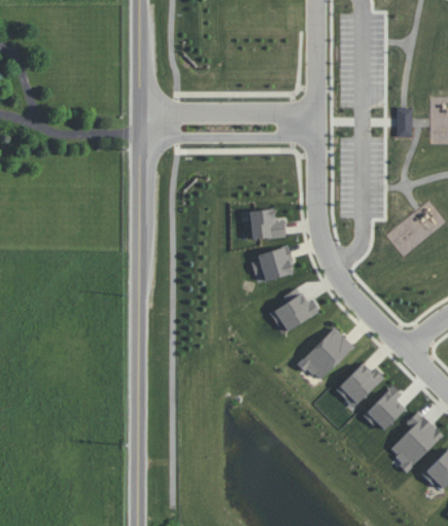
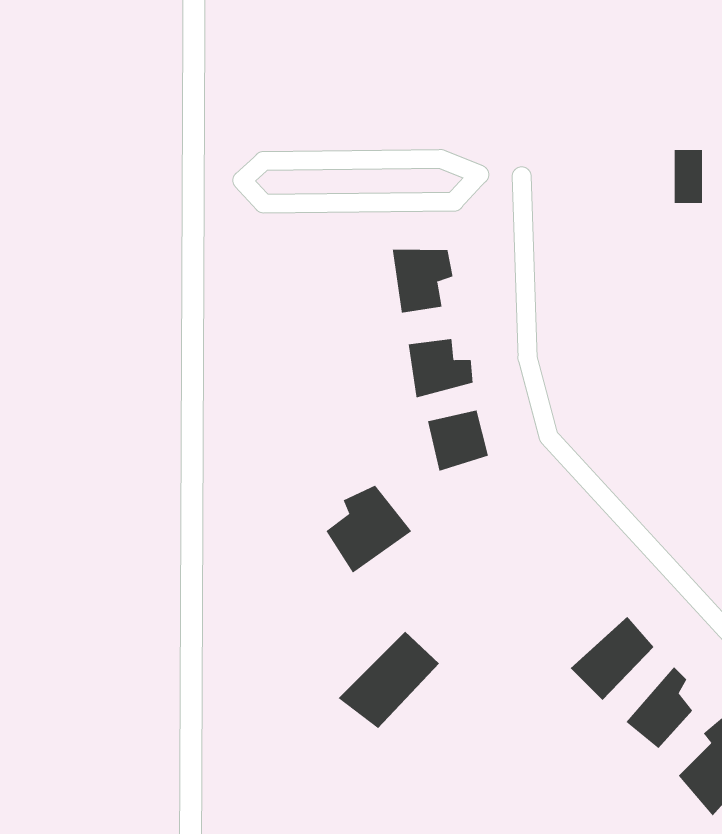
building: none -> [392,249,453,314]
building: [272,287,318,335] -> [325,485,412,574]
building: [298,326,352,379] -> [338,631,440,729]

